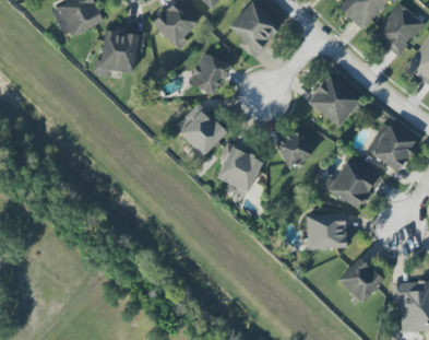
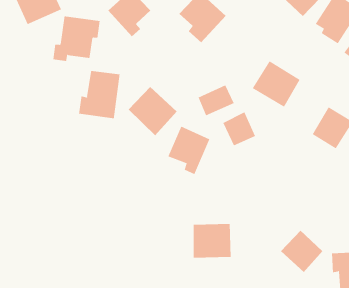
building: [190,52,231,95] -> none
building: none -> [78,70,120,119]
building: none -> [198,84,234,116]
building: [329,161,380,210] -> none
building: [307,213,348,250] -> [193,223,232,258]

